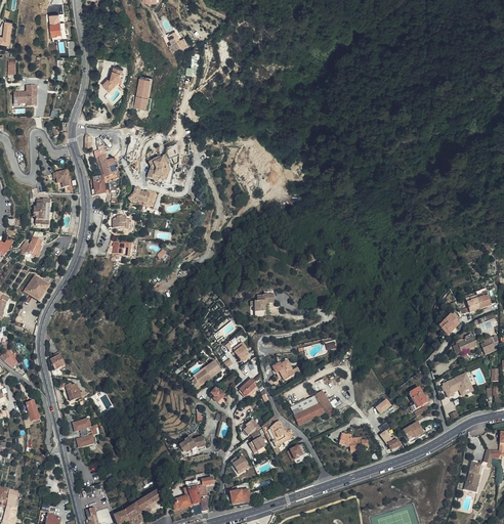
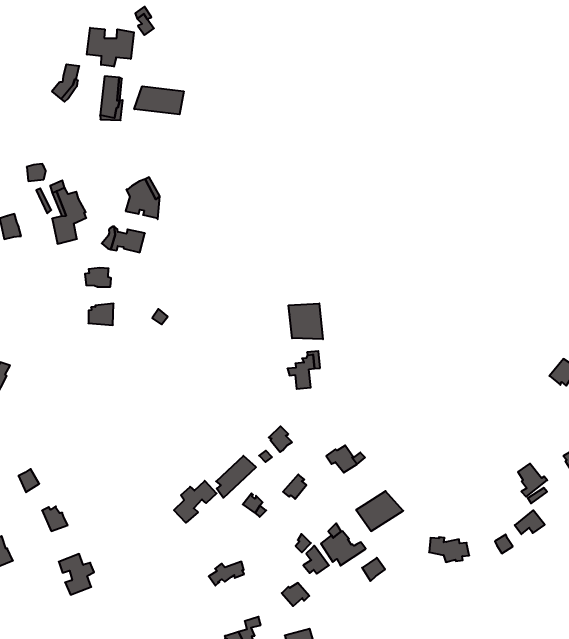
building: none -> [87,28,134,67]
building: none -> [134,86,184,114]
building: none -> [289,303,323,339]
building: none -> [174,481,217,523]

